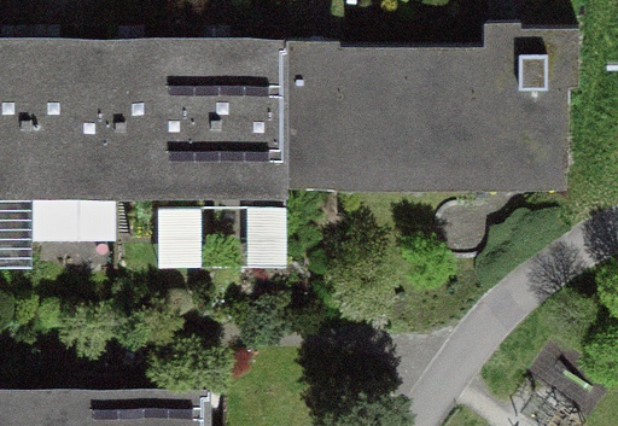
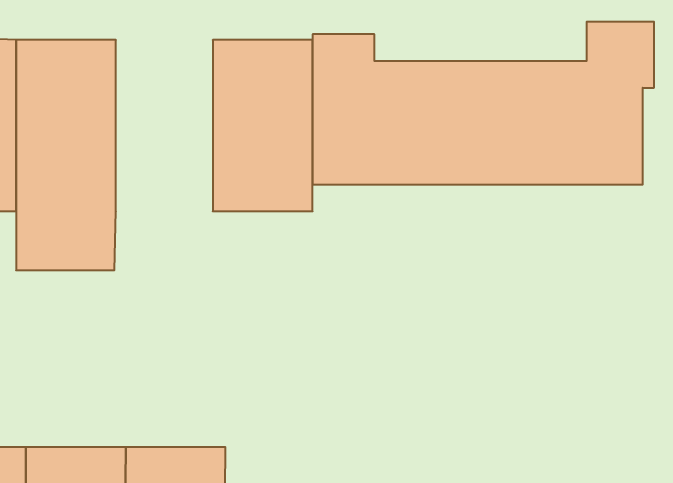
building: [113,45,197,192] -> none

